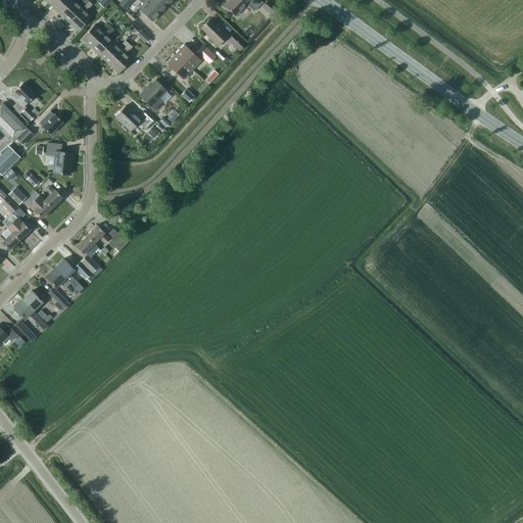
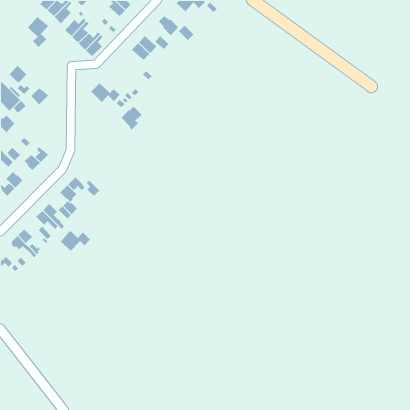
building: none -> [27,16,49,48]
building: [139,80,167,111] -> [121,106,142,131]
building: [46,143,72,174] -> none
building: none -> [60,230,91,252]

